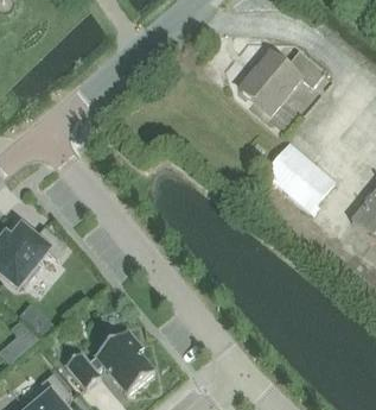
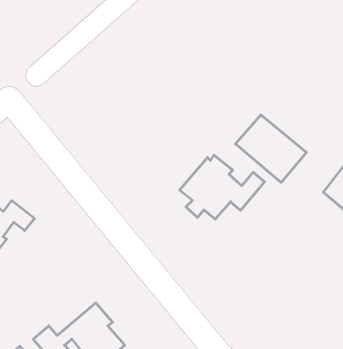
building: [238,52,324,113] -> none
building: none -> [180,155,265,219]

